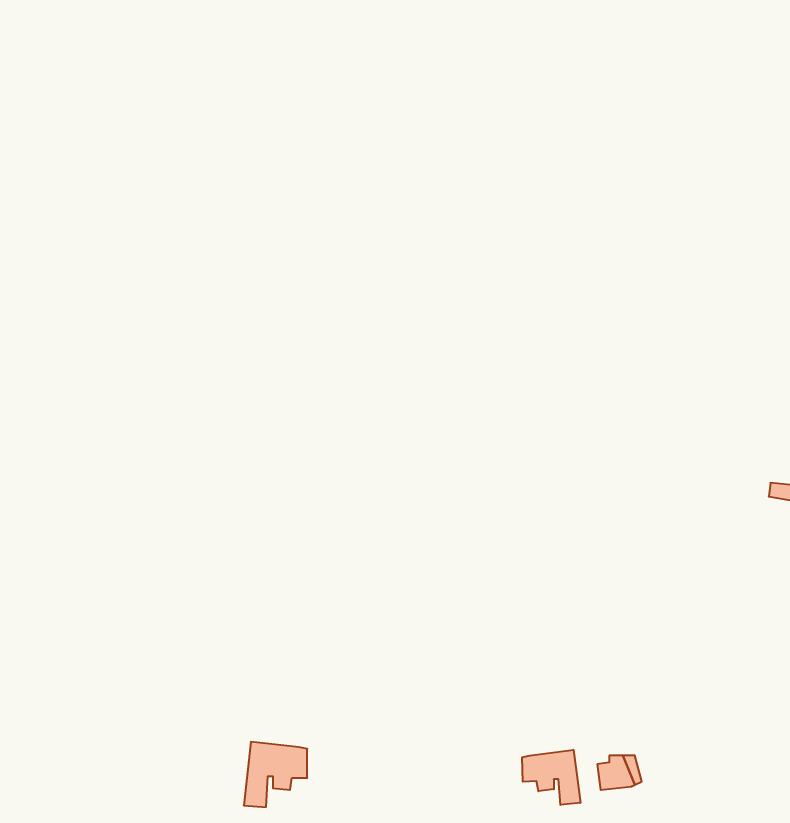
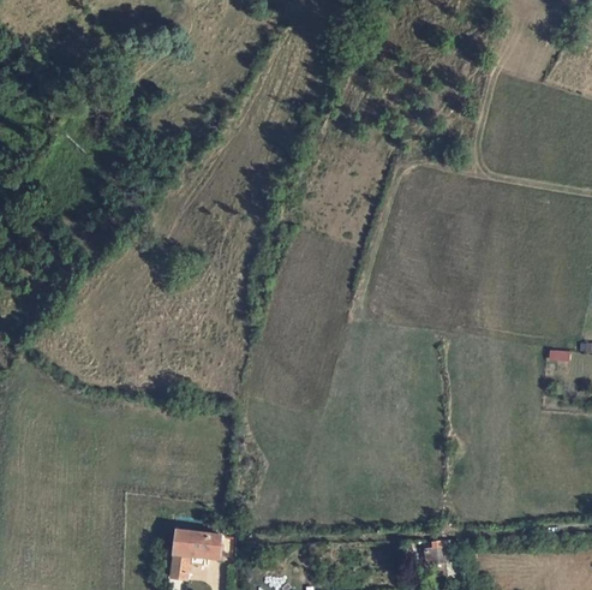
building: [522,750,580,805] -> none

